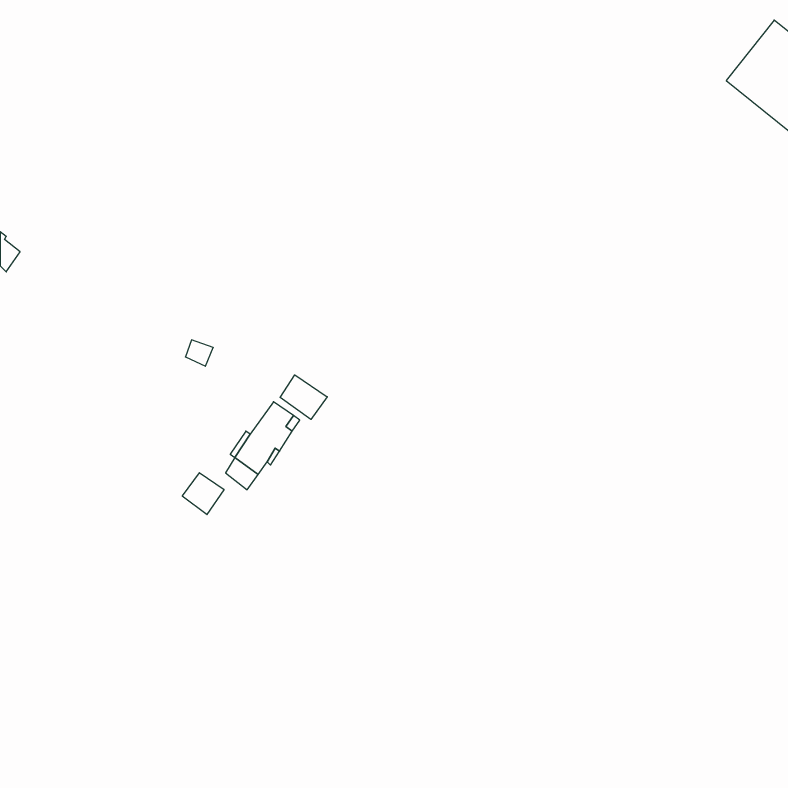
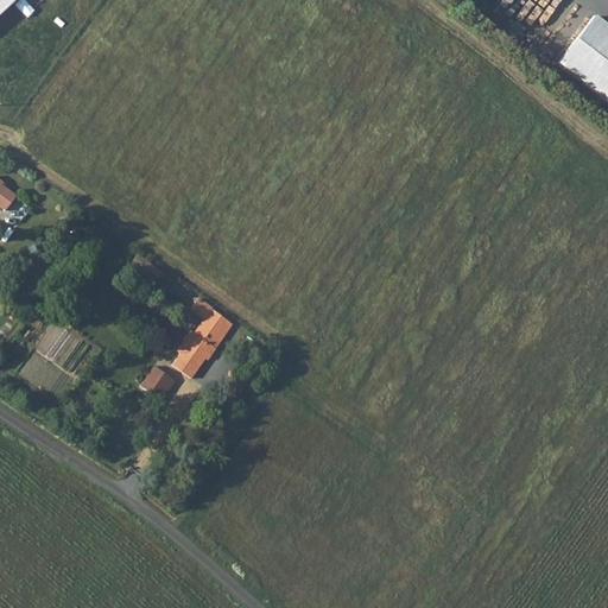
building: [280,375,327,419] -> none

